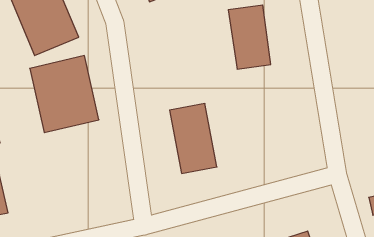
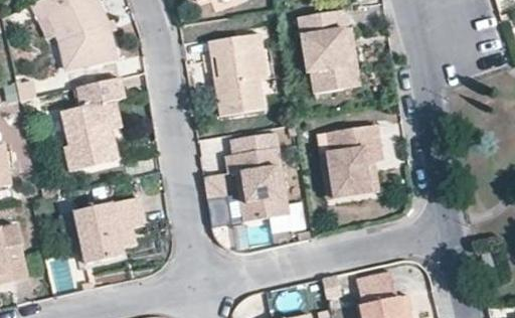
building: none -> [211,35,266,113]
building: none -> [319,117,380,194]
building: none -> [78,197,141,261]

